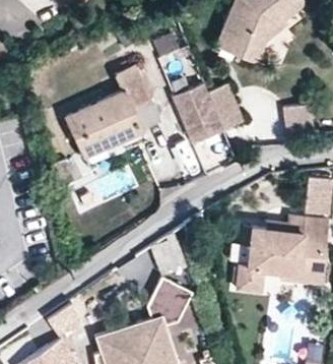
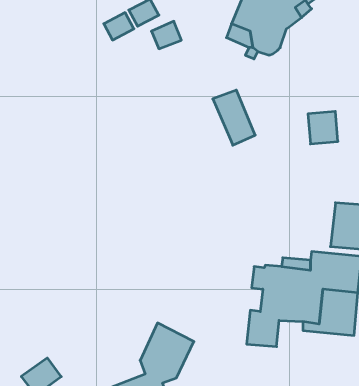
building: [68,65,163,155] -> none
building: [177,83,222,139] -> none

